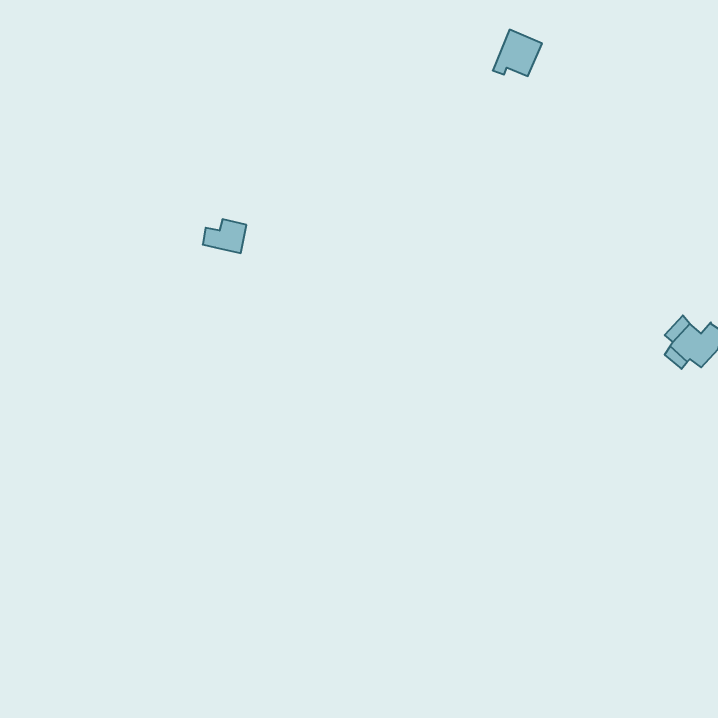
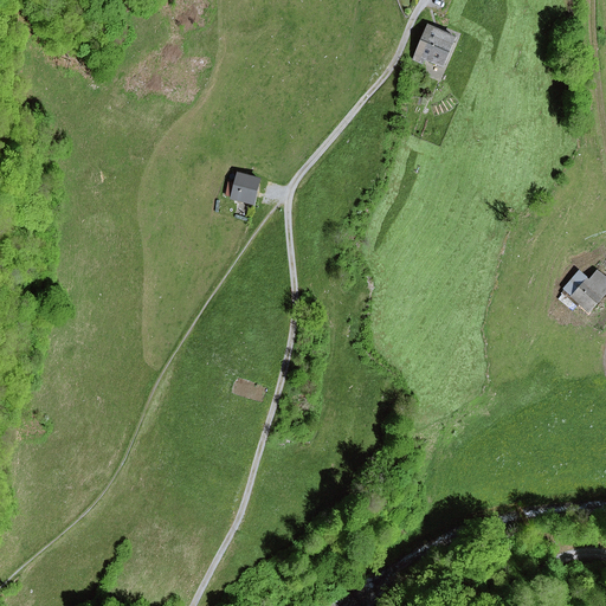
building: [203,219,246,253] -> [223,173,259,201]

